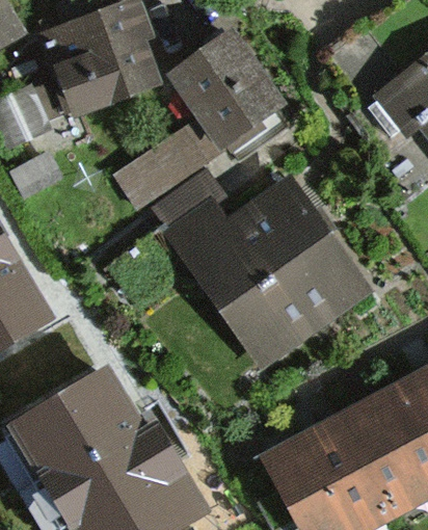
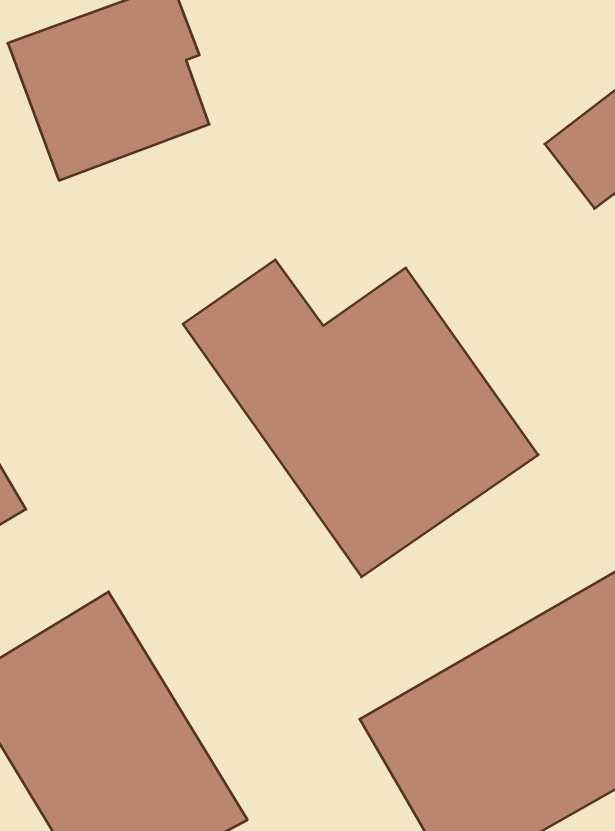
building: [113,28,289,210] -> none

